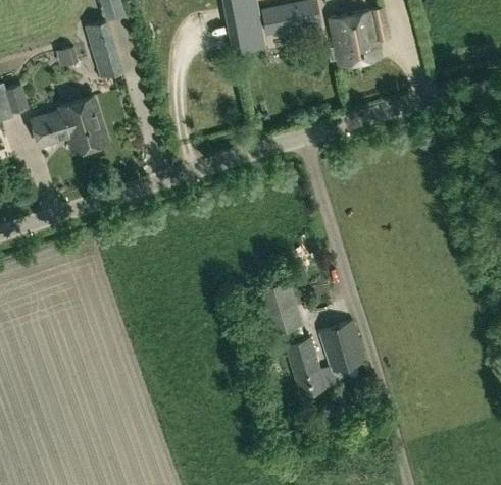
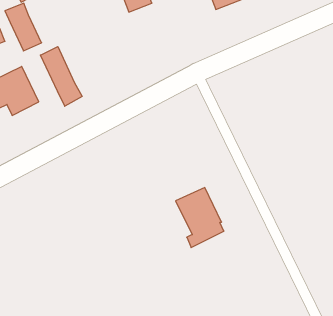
building: none -> [40,47,82,106]
building: [287,322,366,396] -> none

